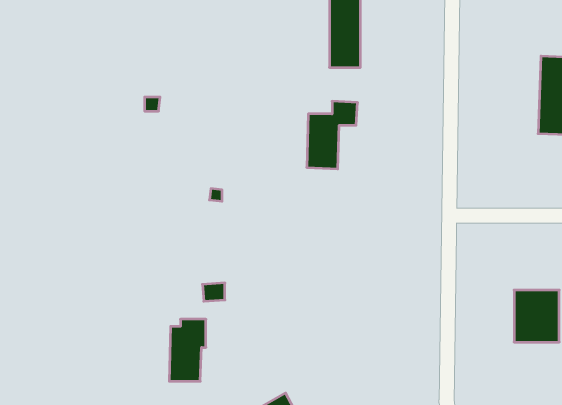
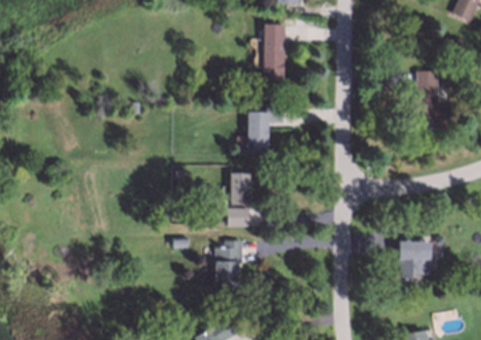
building: none -> [231,173,252,204]
building: none -> [229,208,249,226]
building: [169,319,206,381] -> [216,241,243,286]

